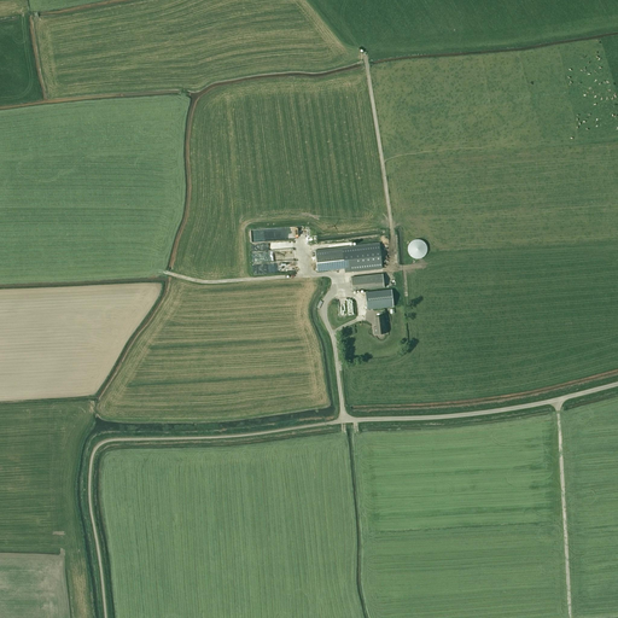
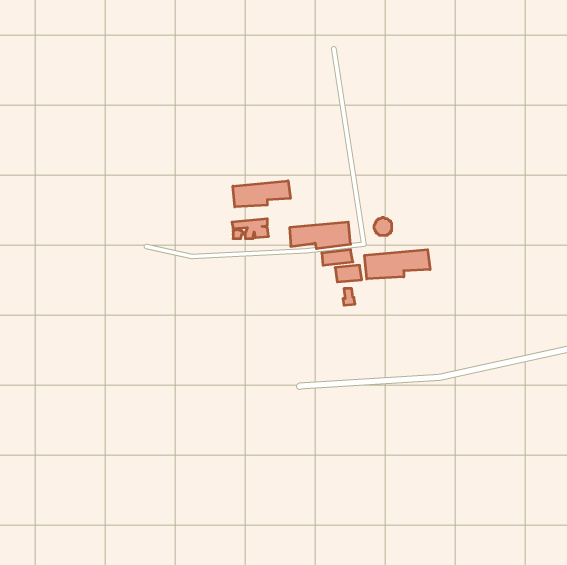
building: none -> [233,181,290,207]
building: none -> [365,250,430,279]

